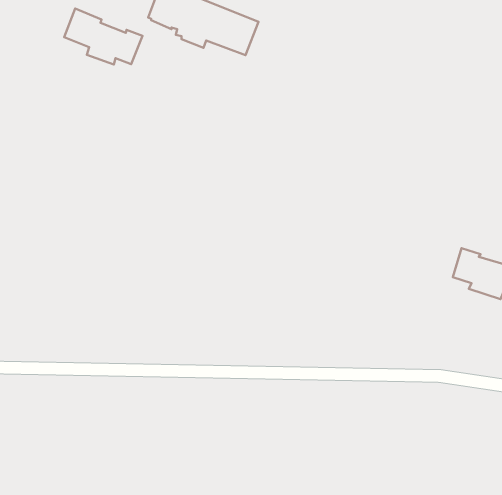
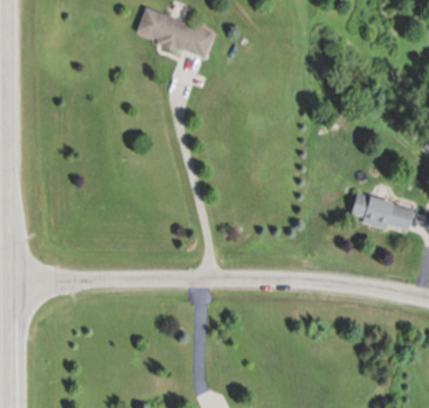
building: [64,9,142,65] -> none

